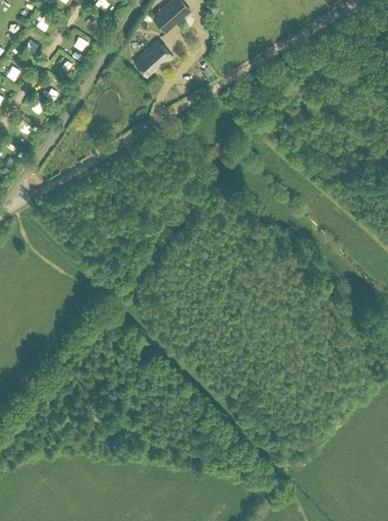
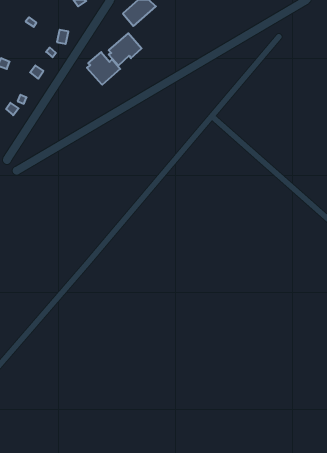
building: none -> [87,52,120,85]

